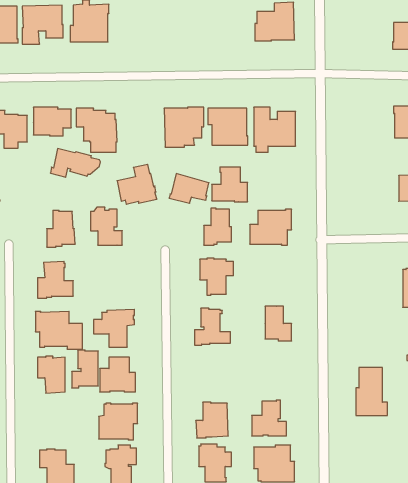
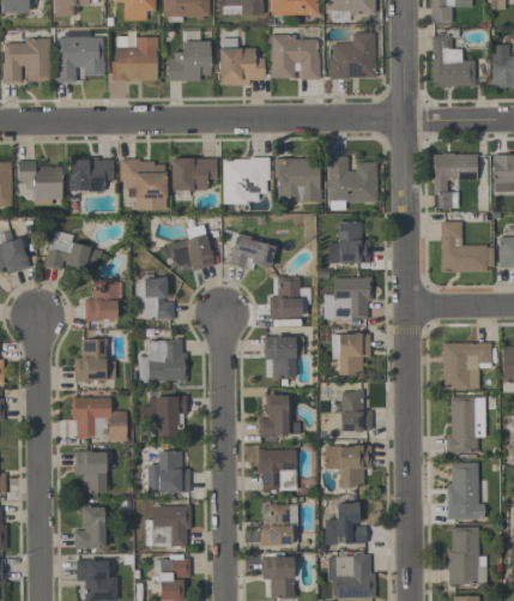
building: none -> [271,35,320,78]
building: none -> [433,36,474,86]
building: none -> [219,37,265,84]
building: none -> [168,40,211,79]
building: none -> [434,154,478,208]
building: none -> [173,156,217,190]
building: [50,149,100,177] -> [43,236,102,270]
building: none -> [441,222,494,272]
building: [212,167,248,202] -> [328,221,370,262]
building: none -> [332,331,370,373]
building: none -> [140,338,187,381]
building: none -> [443,342,491,387]
building: none -> [447,396,486,451]
building: [72,350,98,388] -> [74,504,105,548]
building: none -> [326,444,371,486]
building: none -> [258,447,297,491]
building: none -> [448,525,488,583]

